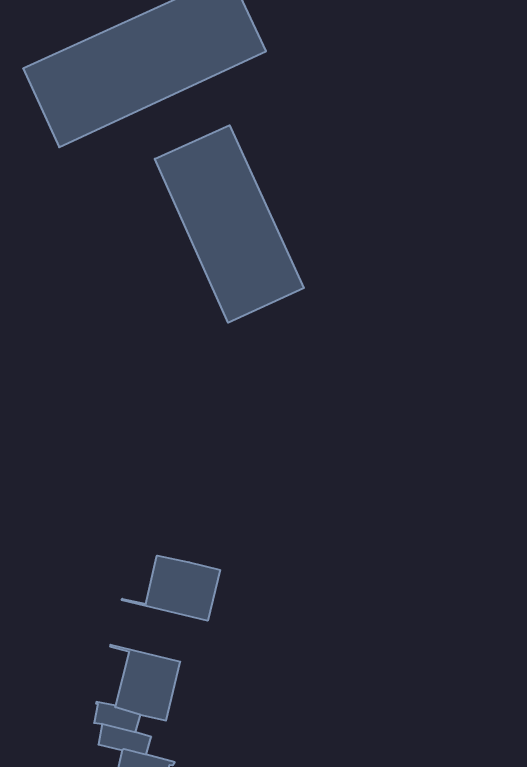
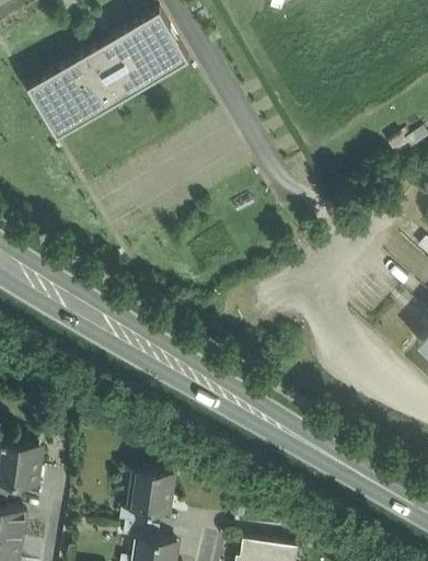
building: [155,125,304,323] -> none
building: [122,556,220,621] -> none

